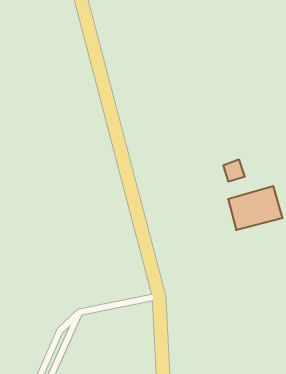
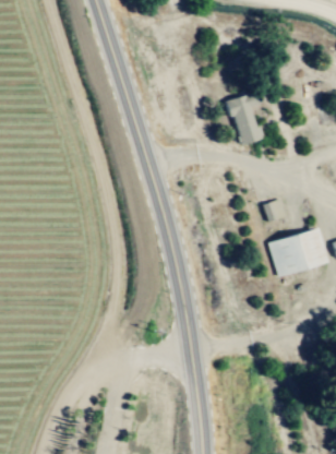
building: none -> [228,92,262,146]

